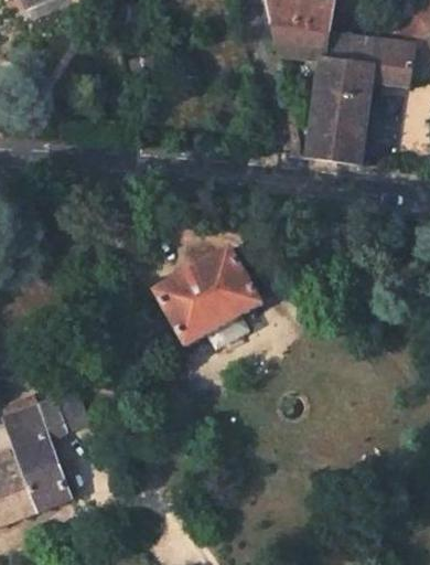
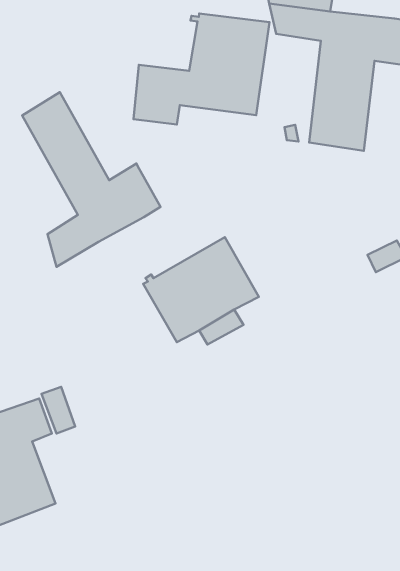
building: none -> [134,14,269,124]
building: none -> [22,92,161,267]

